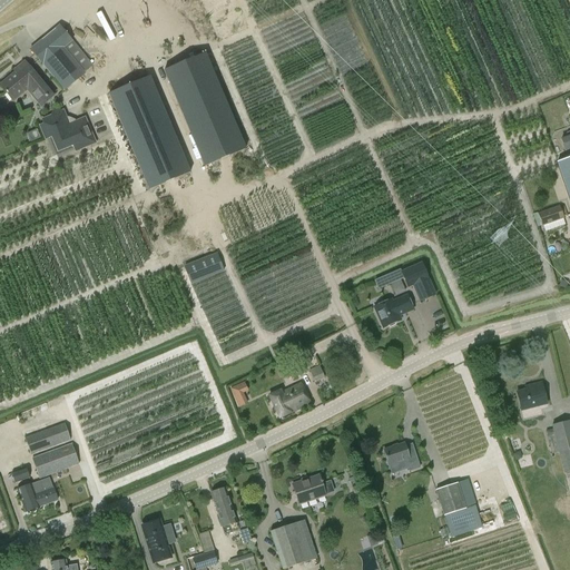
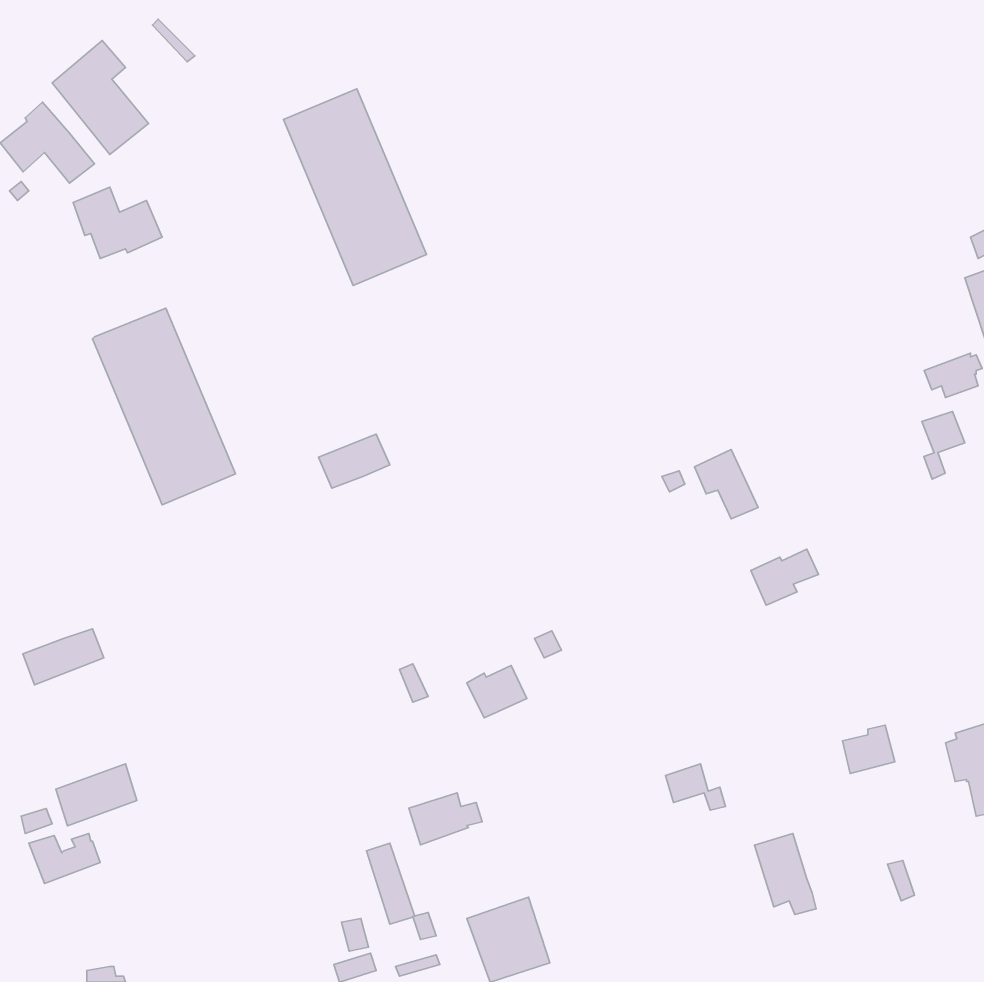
building: [109,75,191,188] -> [93,308,235,505]
building: none -> [922,411,965,479]
building: [375,293,414,325] -> [751,549,818,605]
building: [518,381,548,409] -> [843,725,895,774]
building: [26,421,72,453] -> [23,629,104,685]
building: [293,473,335,503] -> [409,793,482,845]
building: [142,518,173,561] -> none

